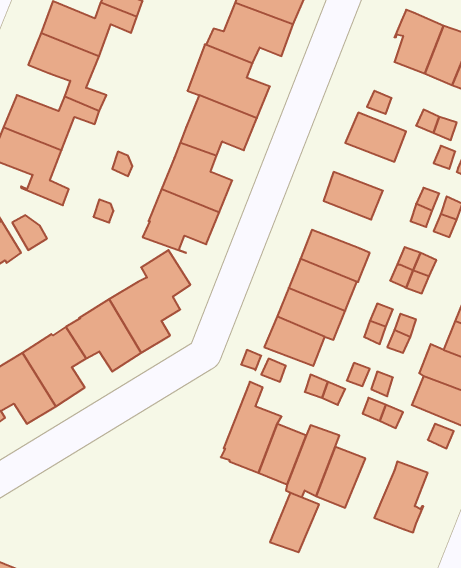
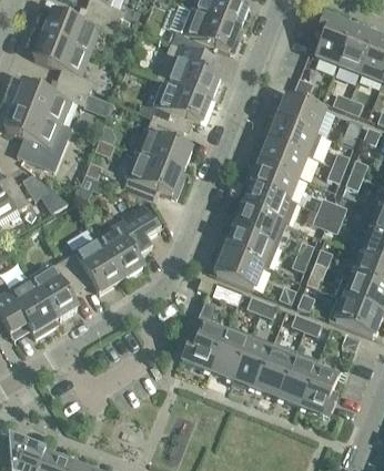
building: none -> [269,117,322,156]
building: none -> [252,162,297,198]
building: [270,493,319,552] -> [277,359,315,405]

